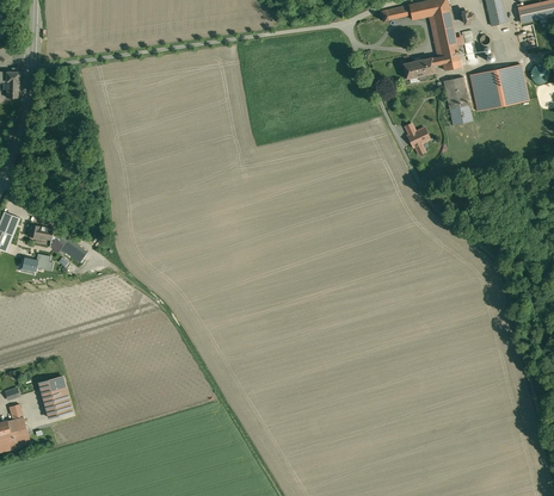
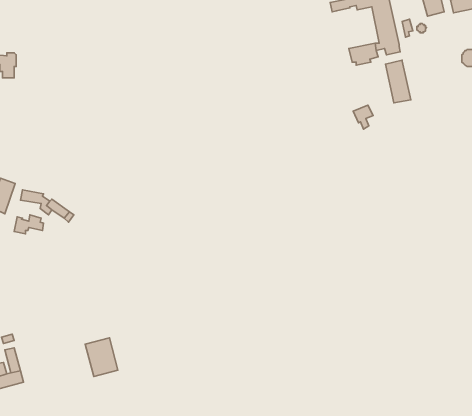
building: [469,63,528,110] -> none
building: [37,374,74,418] -> [85,338,118,377]

